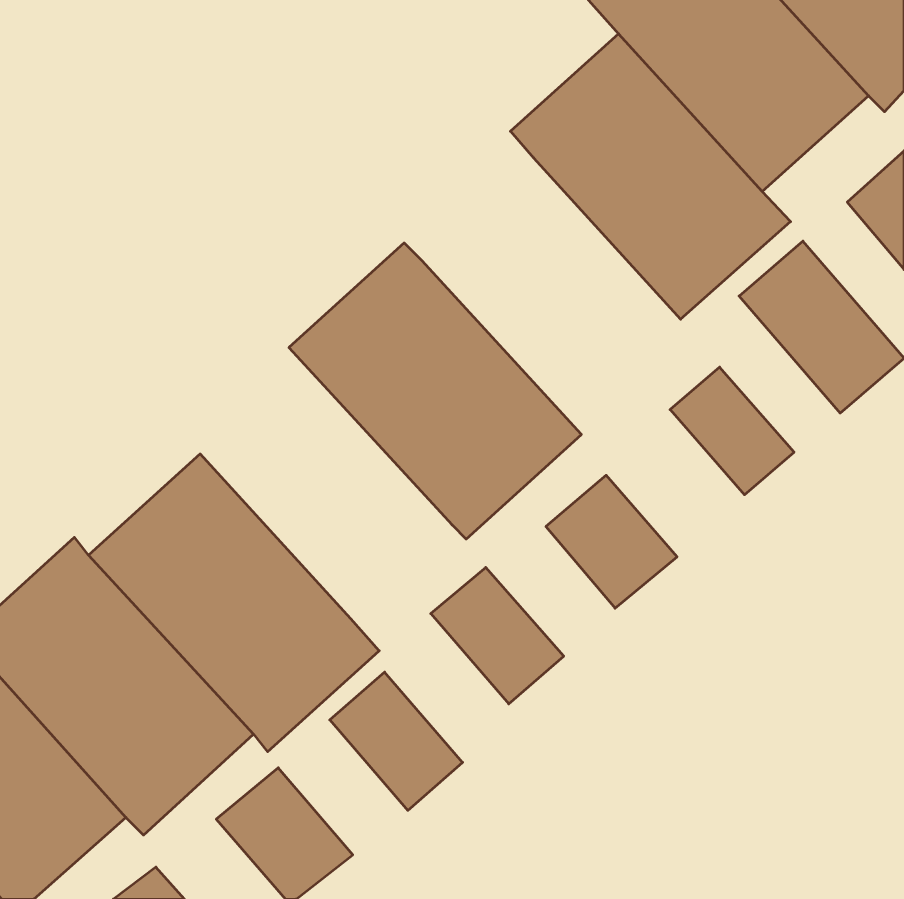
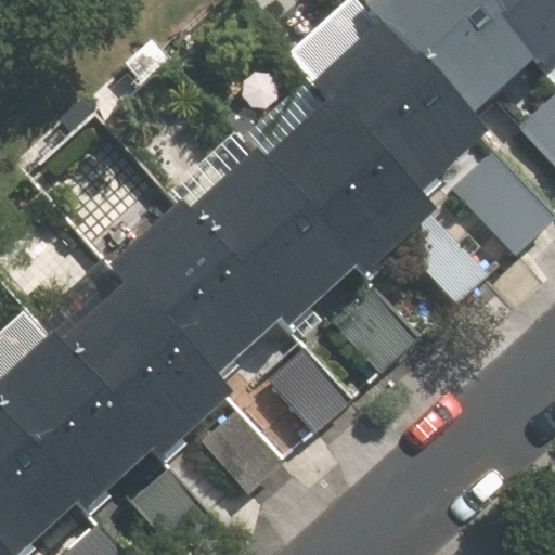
building: none -> [258,96,431,273]
building: none -> [106,203,276,378]

